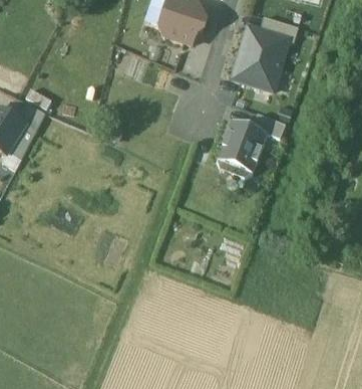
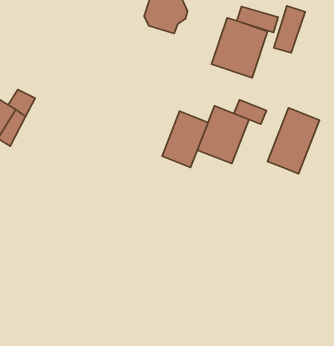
building: none -> [274,6,305,53]
building: none -> [268,108,320,174]
building: none -> [162,111,208,167]

